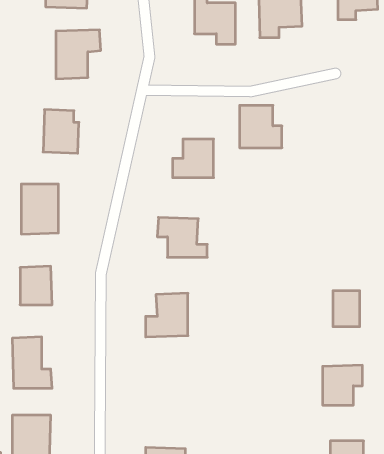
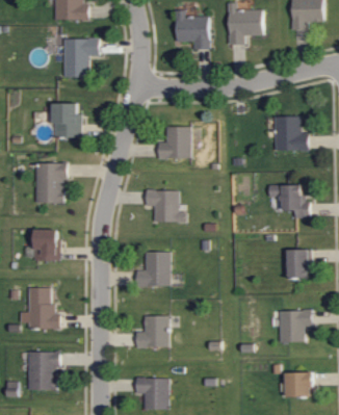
building: [240,105,282,148] -> [275,116,309,151]
building: none -> [268,185,310,218]
building: none -> [136,315,168,346]

